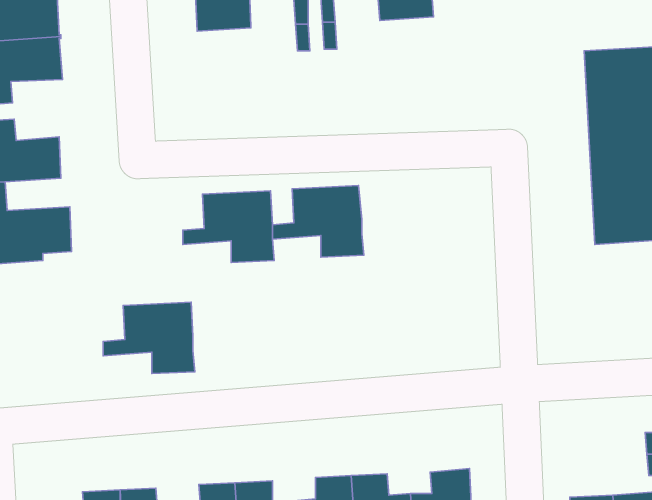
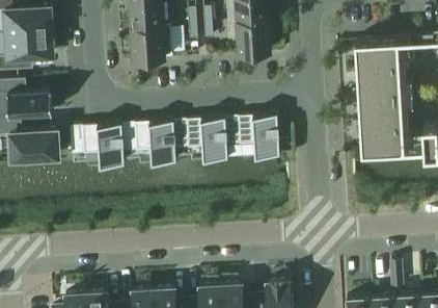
building: none -> [237,20,270,52]
building: none -> [131,25,171,58]
building: none -> [226,114,279,156]
building: [103,302,195,374] -> [71,124,124,165]

